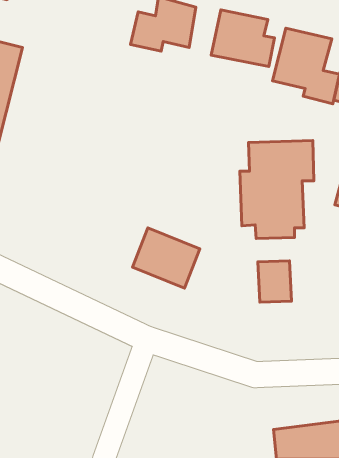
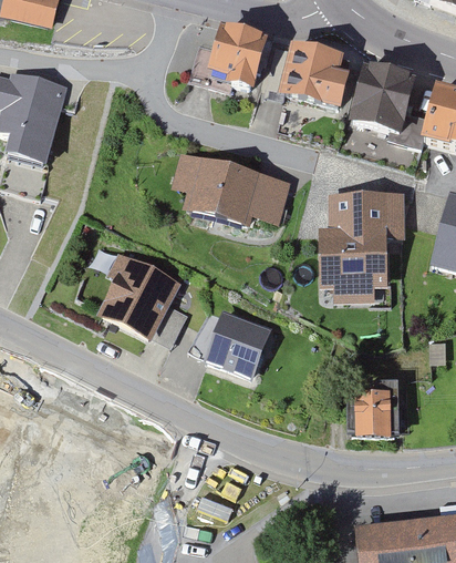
building: none -> [176,151,293,235]
building: none -> [103,250,180,338]
building: [258,261,291,302] -> [351,398,390,446]

